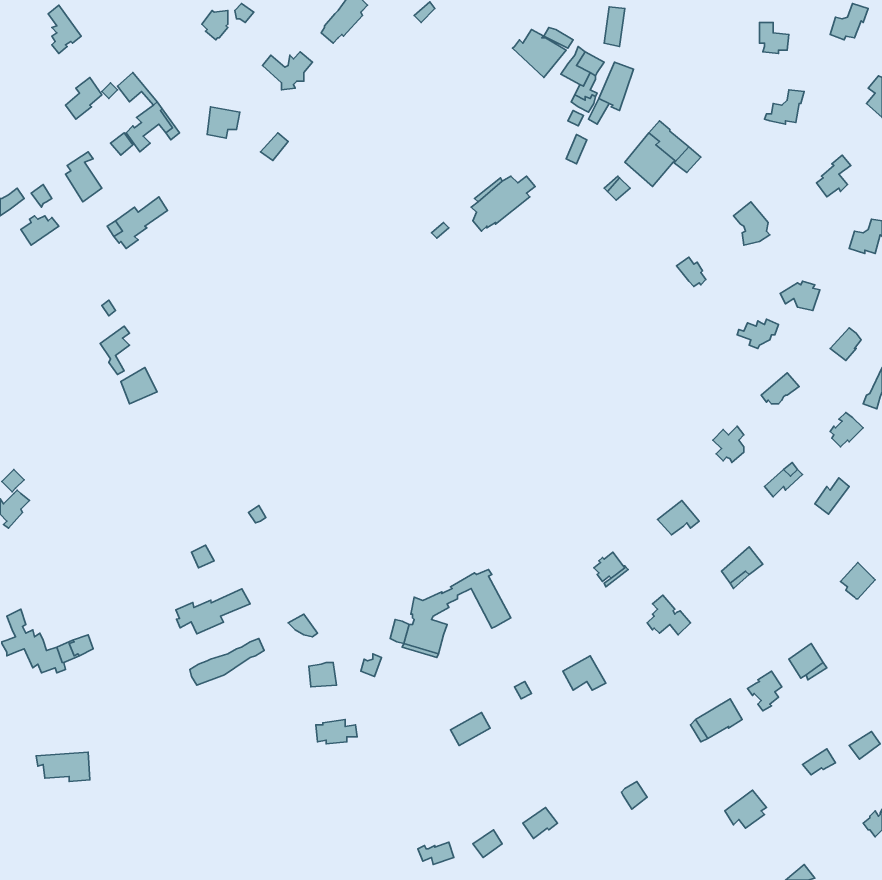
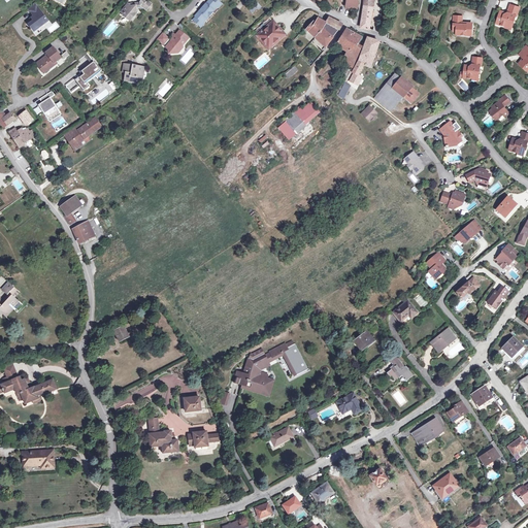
building: none -> [257,16,284,47]
building: [176,589,250,634] -> none
building: none -> [148,423,178,452]

